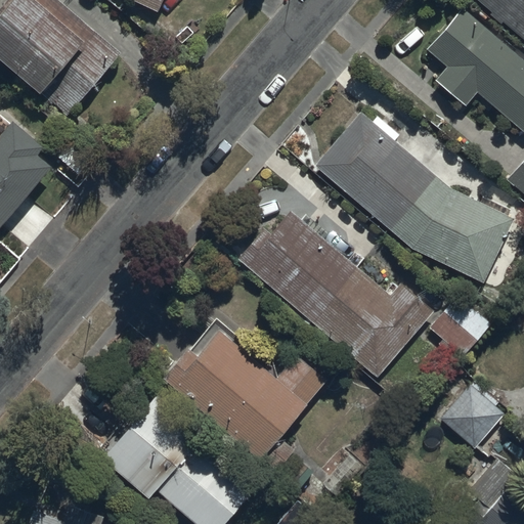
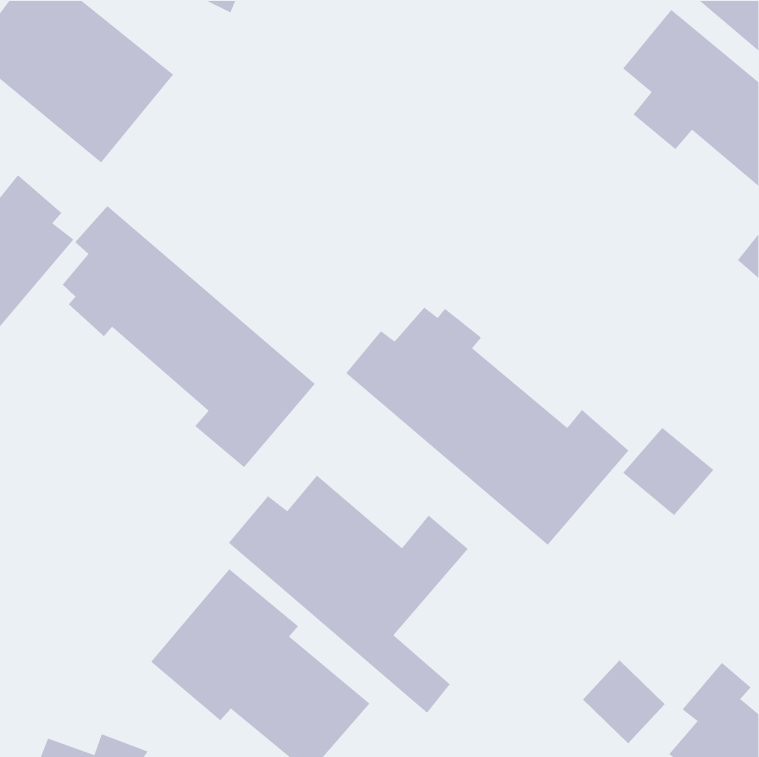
building: [316,113,514,283] -> none
building: none -> [62,205,316,468]
building: [440,391,497,449] -> [582,659,666,744]

